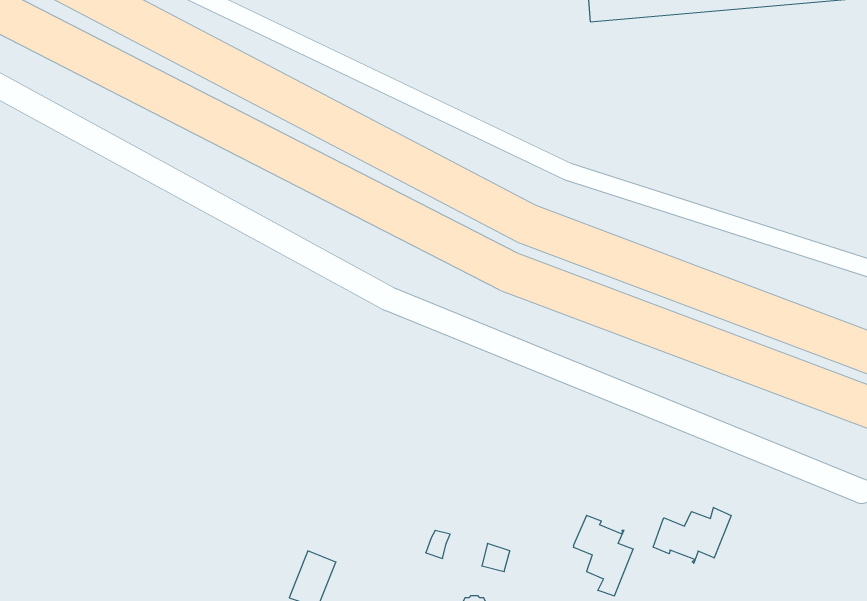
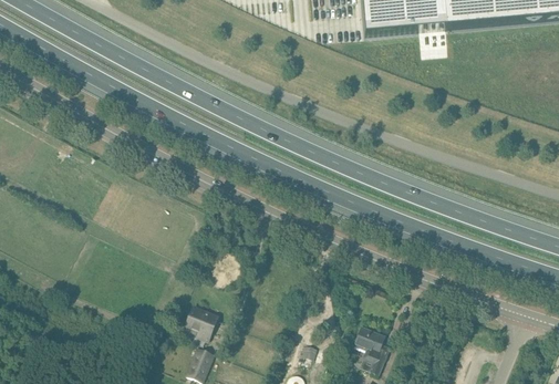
building: none -> [187,303,217,335]
building: [653,507,731,563] -> none

